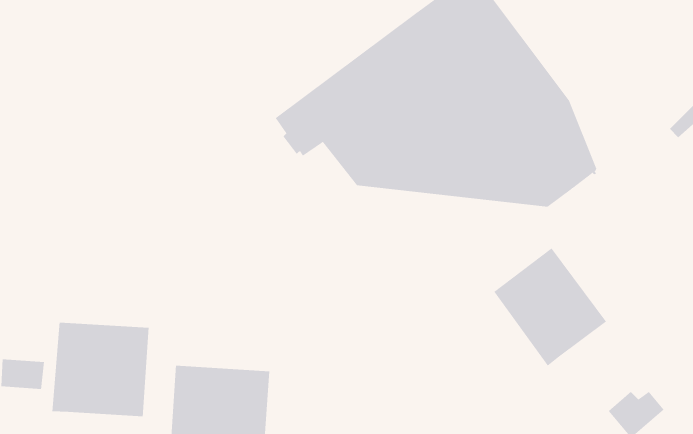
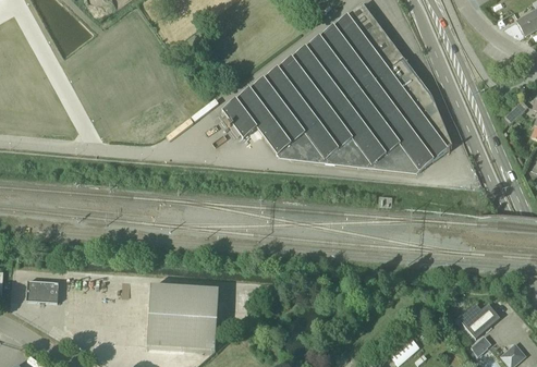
building: [494,248,607,367] -> none
building: [52,322,149,417] -> none

